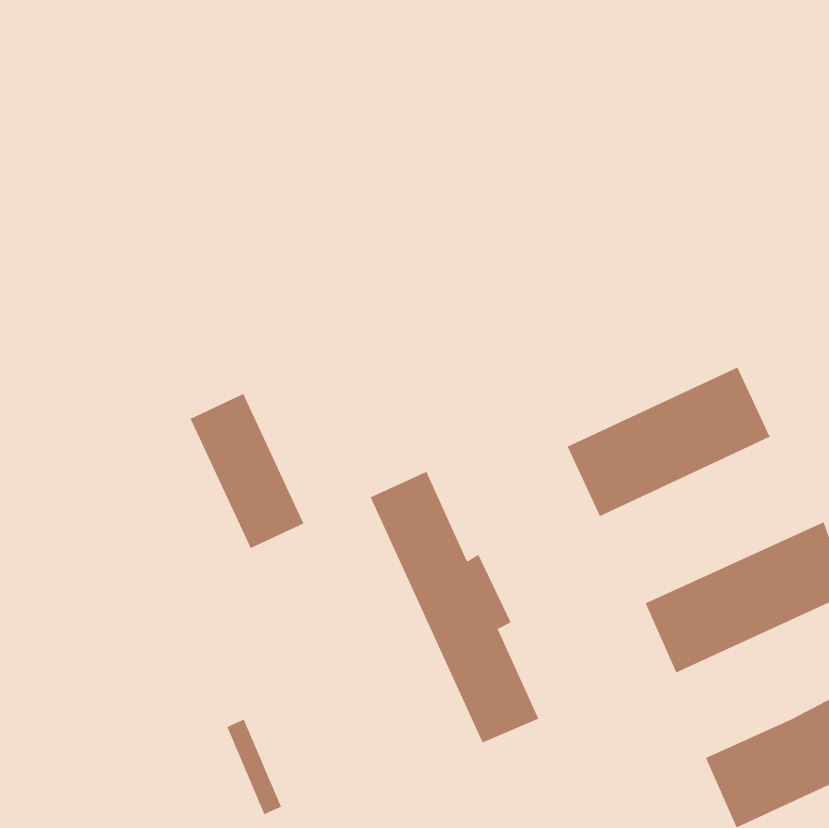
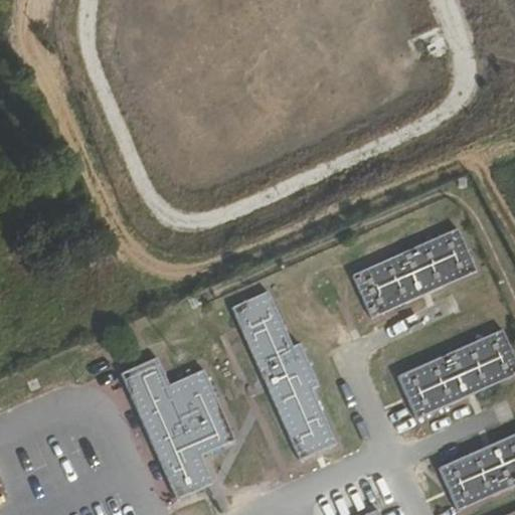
building: [190,393,304,549] -> none
building: none -> [123,356,236,498]

